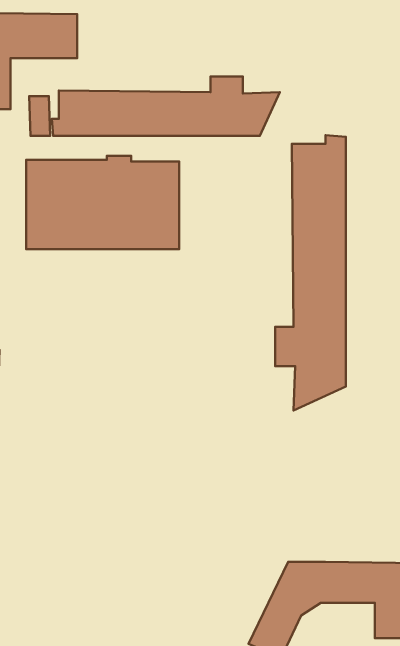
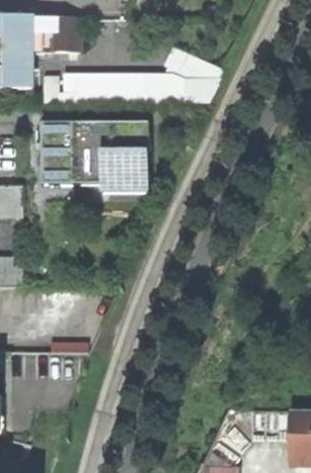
building: [275,135,346,411] -> none

